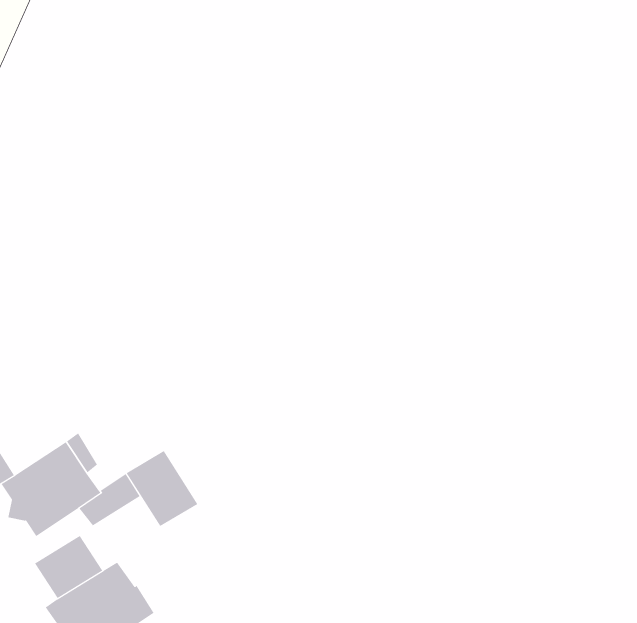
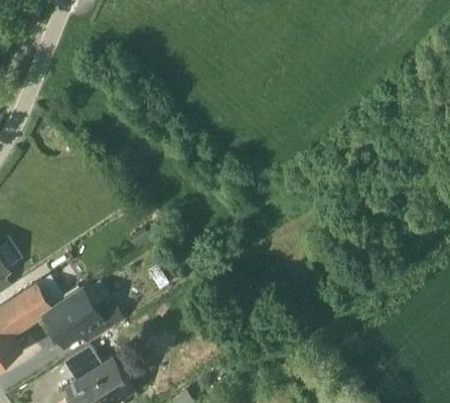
building: [126,450,198,527] -> none

